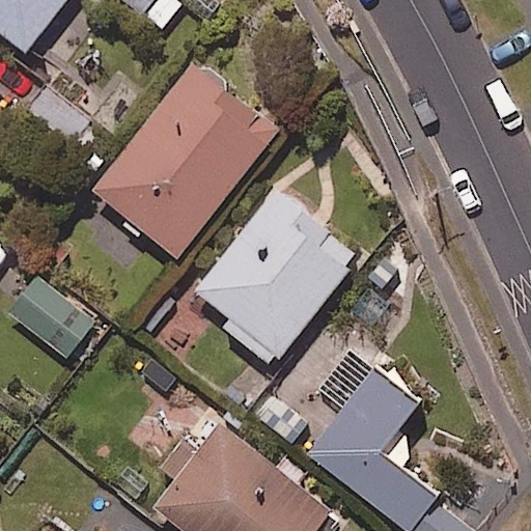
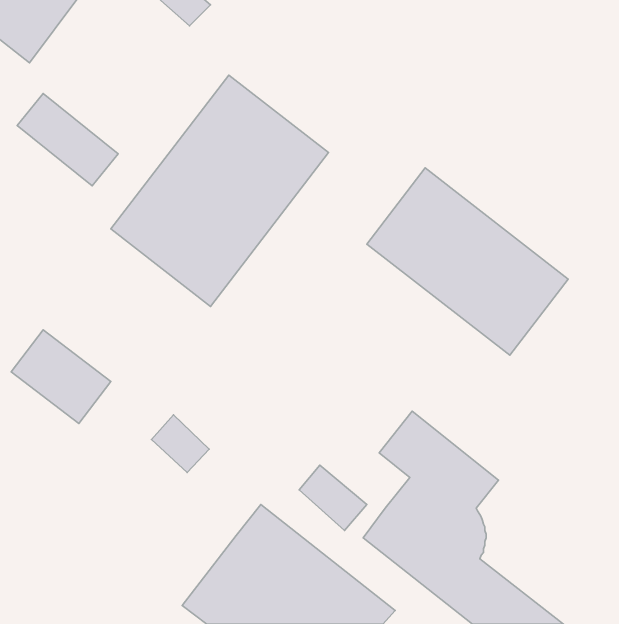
building: none -> [367,168,568,355]
building: [194,190,358,368] -> none

